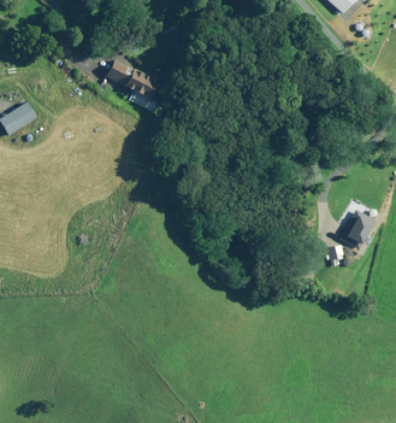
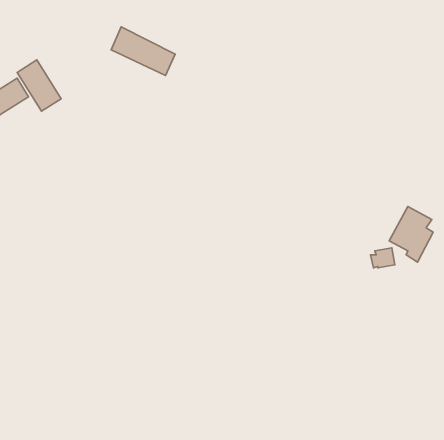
building: none -> [17,60,61,111]

